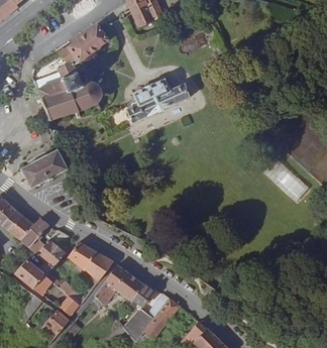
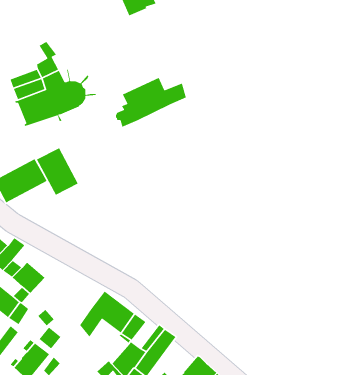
building: [67,23,108,63] -> none
building: none -> [36,147,79,196]
building: [68,241,113,281] -> none

